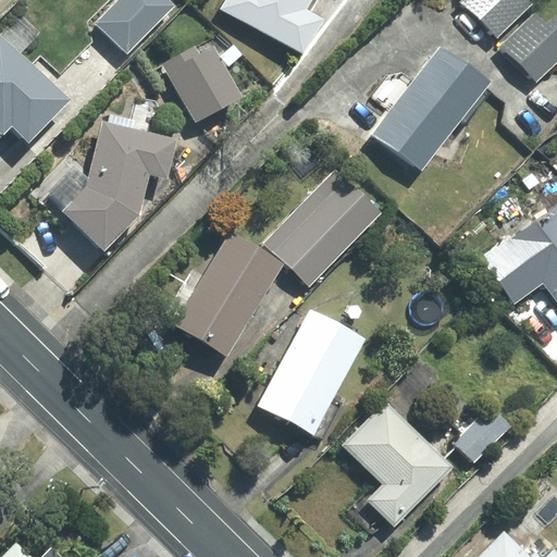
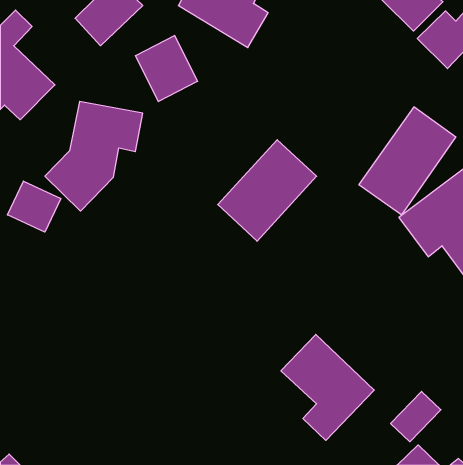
building: [370,46,485,174] -> [359,107,456,215]
building: none -> [7,181,61,232]
building: [172,232,284,356] -> none
building: [257,307,366,434] -> none
building: [454,404,513,463] -> [391,391,441,442]

